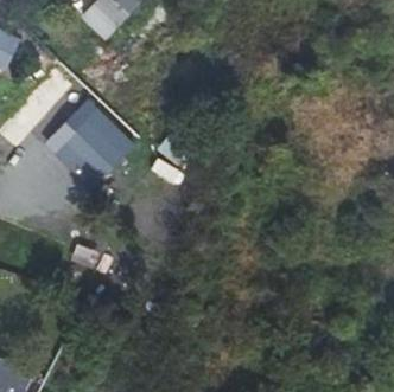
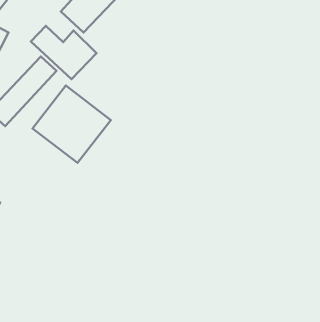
building: none -> [31,26,97,79]

